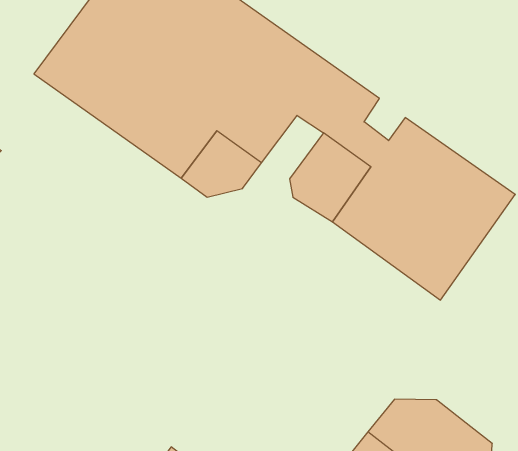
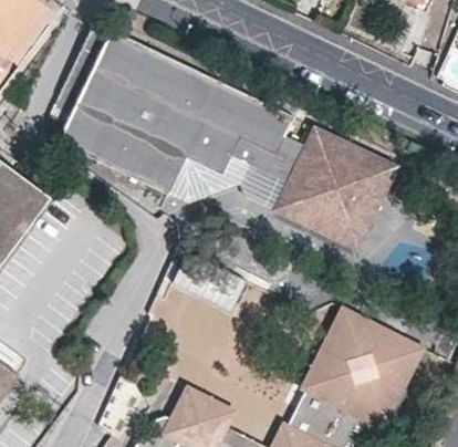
building: none -> [212,141,261,197]

